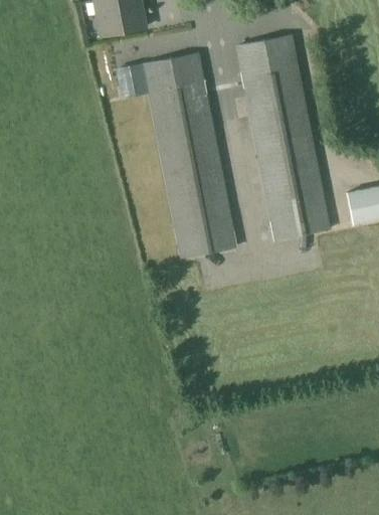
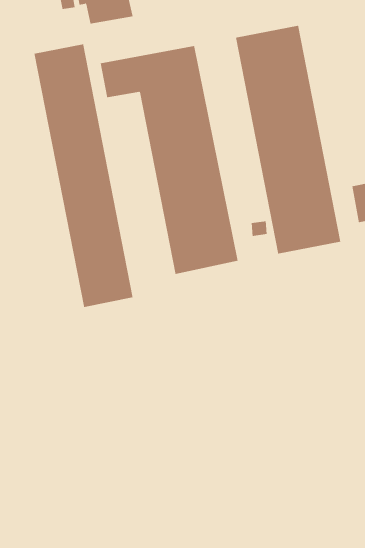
building: none -> [34,43,133,308]

